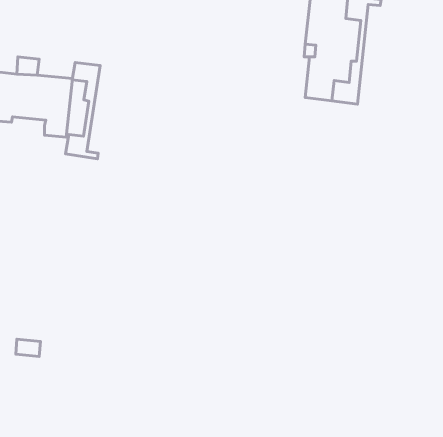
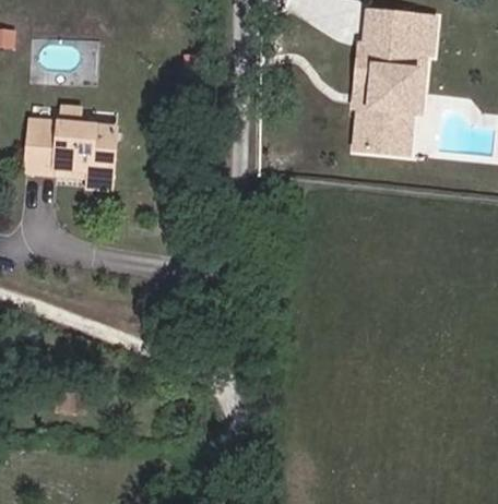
building: [66,62,100,159] -> none

